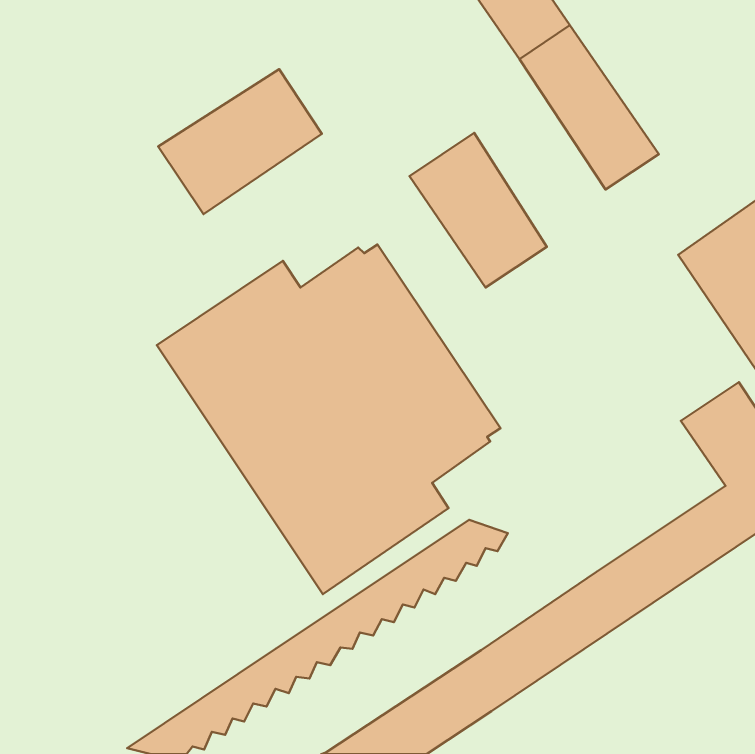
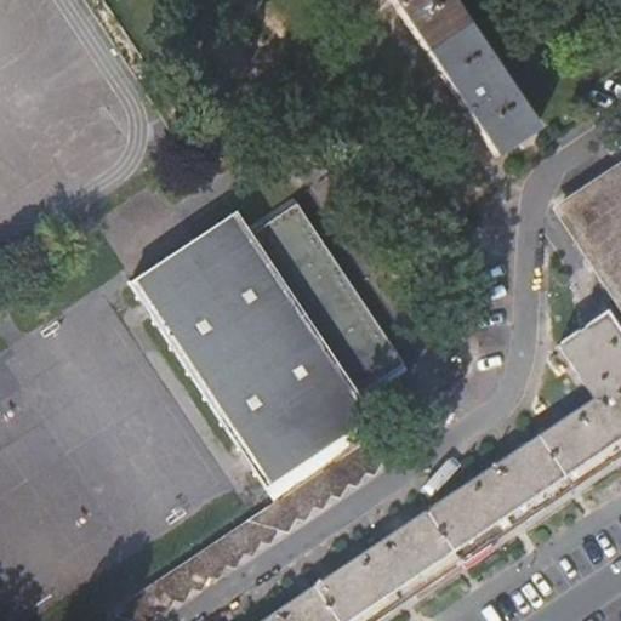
building: [158,69,322,214] -> none
building: [409,133,547,288] -> none

